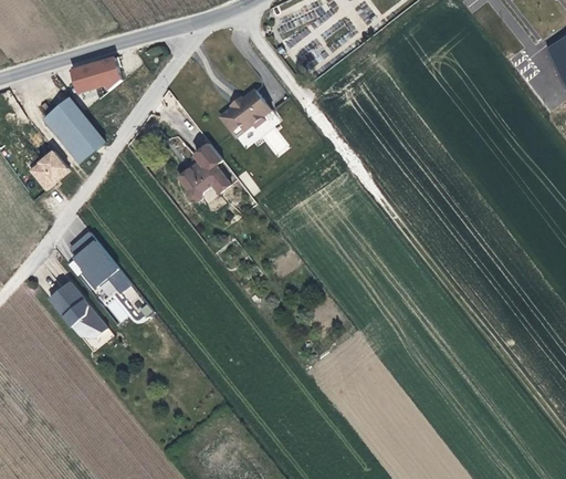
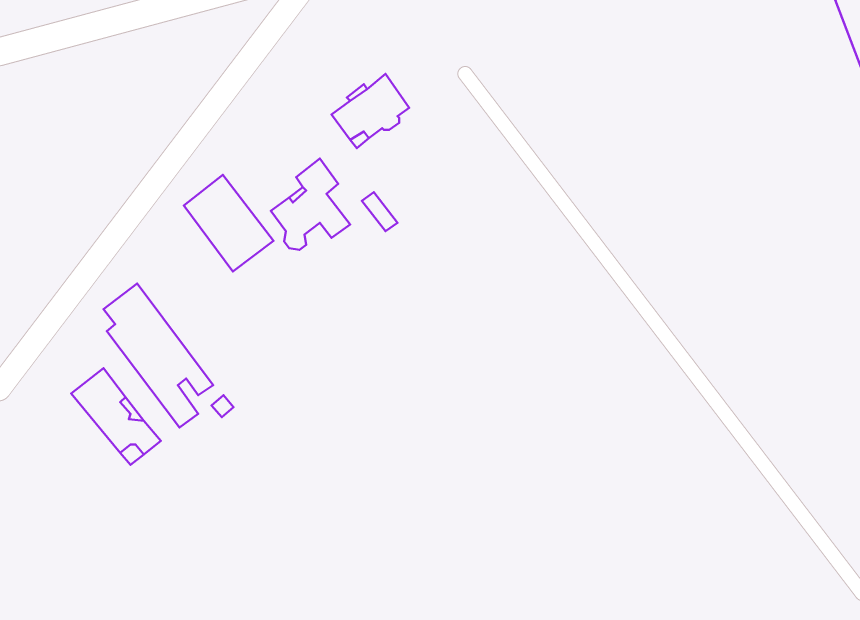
building: [70,53,124,91] -> none
building: [43,100,102,163] -> [184,175,273,271]
building: [29,146,72,189] -> none

